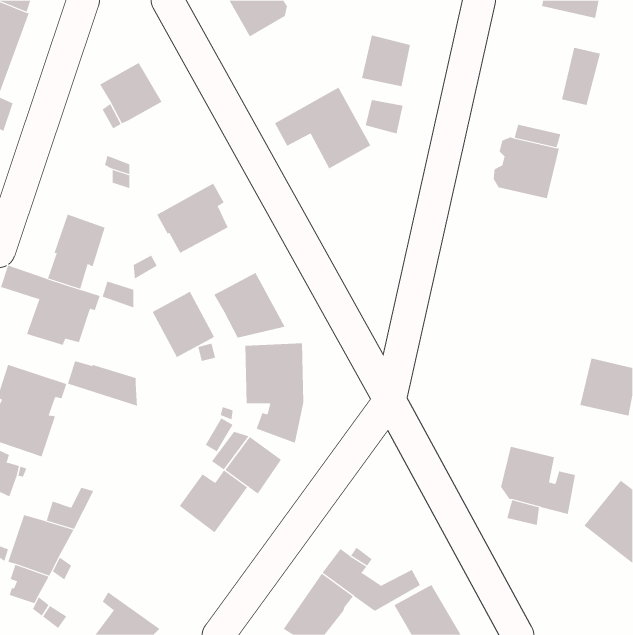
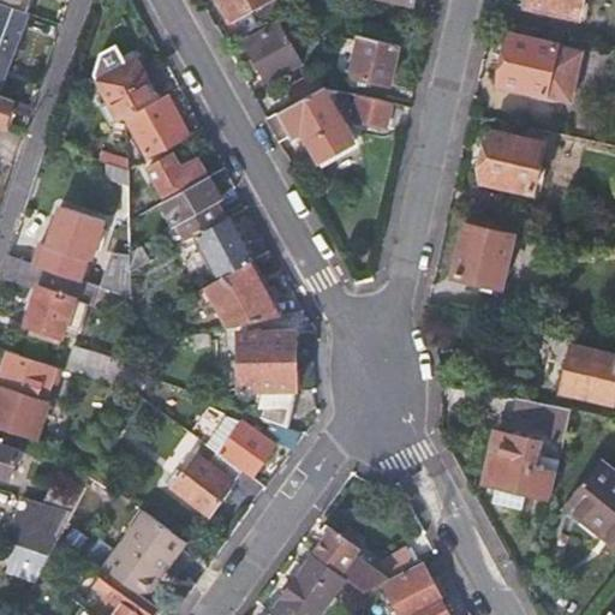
building: none -> [243,28,299,86]
building: none -> [496,35,555,96]
building: none -> [125,95,185,159]
building: none -> [138,157,207,204]
building: none -> [453,213,513,285]
building: [152,291,215,358] -> [190,216,251,281]
building: none -> [513,398,571,438]
building: none -> [105,512,183,597]

